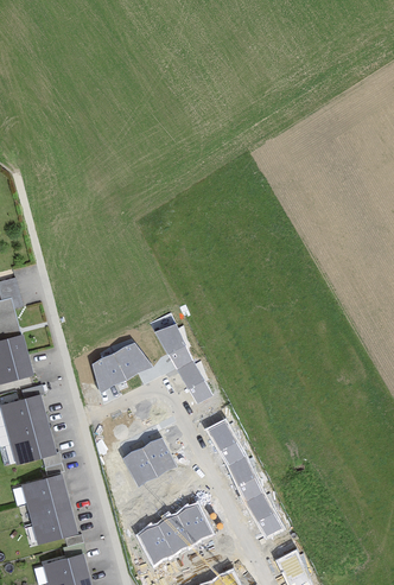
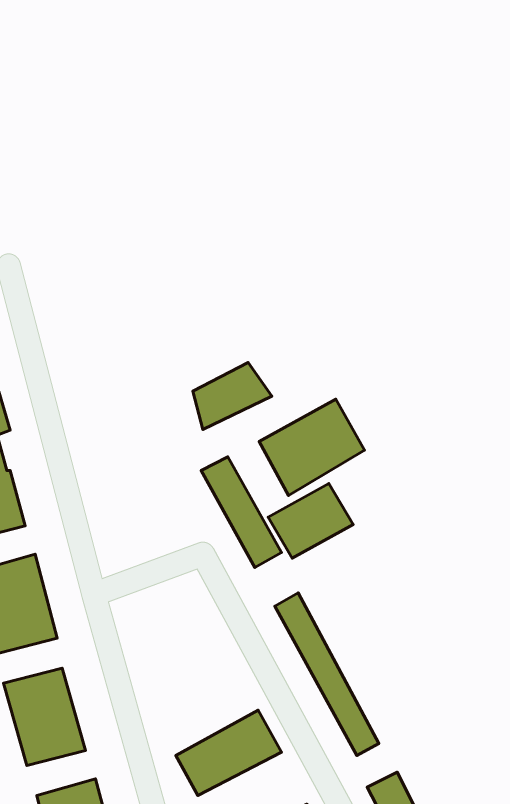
building: none -> [259,399,365,496]
building: [94,343,150,390] -> [193,363,272,430]
building: none -> [268,483,353,558]
building: [125,439,176,485] -> none

